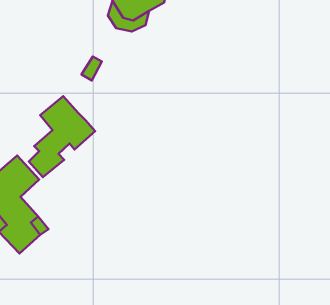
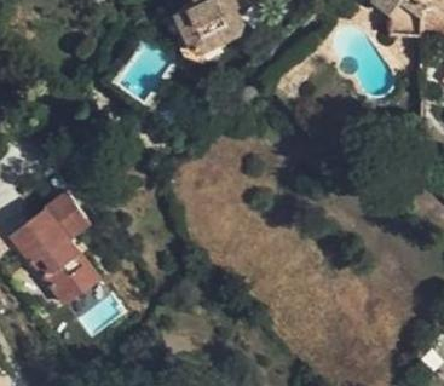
building: [29,96,95,177] -> none

